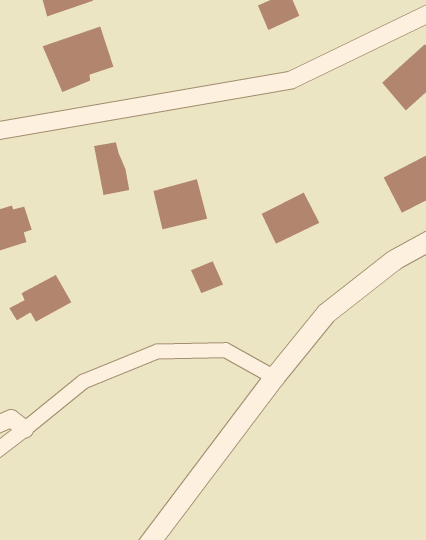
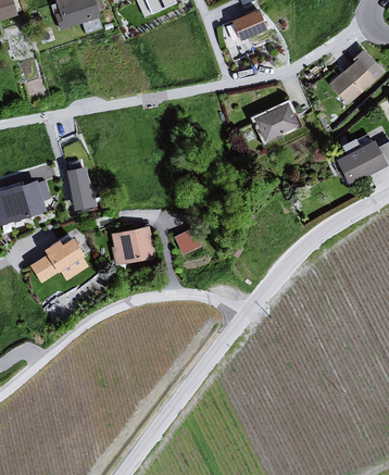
building: [42,25,114,93] -> none
building: [93,141,130,196] -> [70,166,99,210]
building: [152,178,208,230] -> [110,224,154,265]
building: [260,192,321,245] -> [252,100,300,142]

